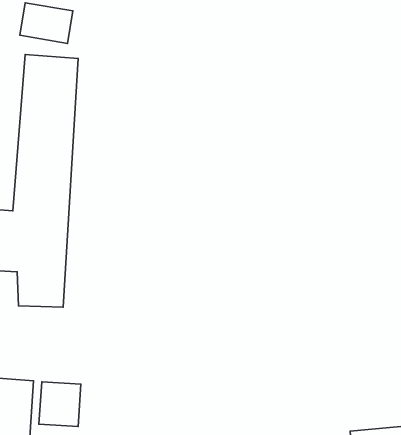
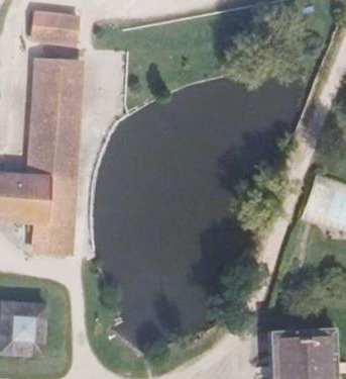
building: [39,382,81,427] -> none

